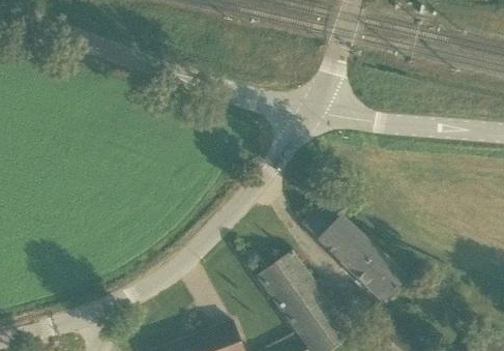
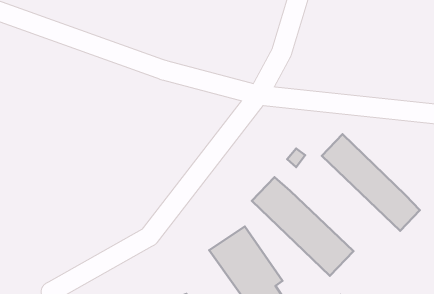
building: none -> [322,134,420,231]

